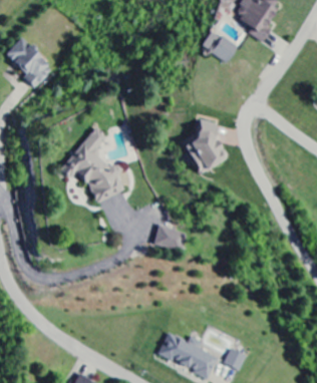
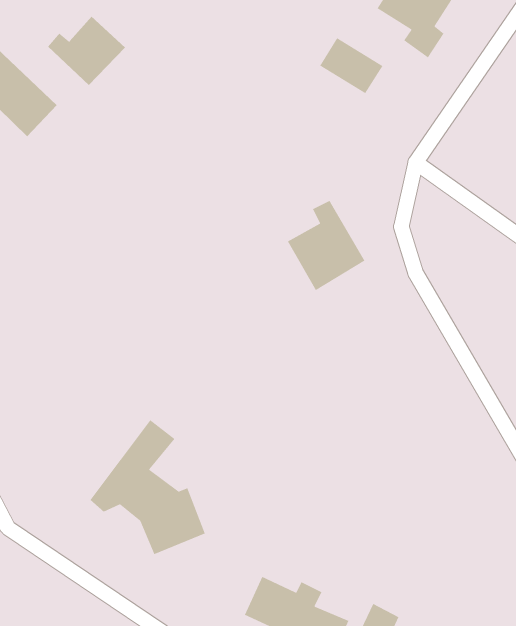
building: none -> [47,16,126,86]
building: [61,125,126,202] -> [89,419,206,555]
building: [153,224,186,252] -> none

